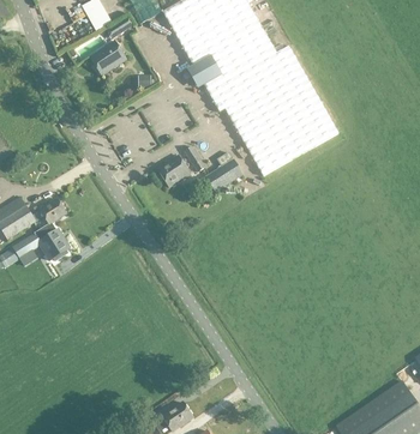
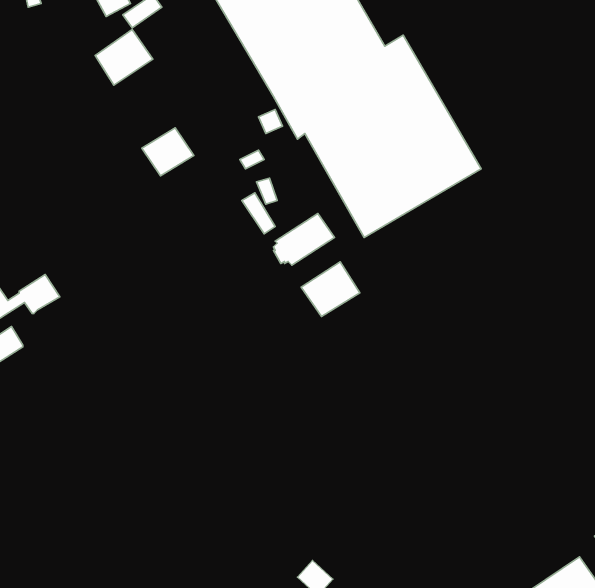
building: [156,155,190,186] -> [142,128,194,176]
building: none -> [301,262,360,317]
building: [34,221,68,255] -> none

